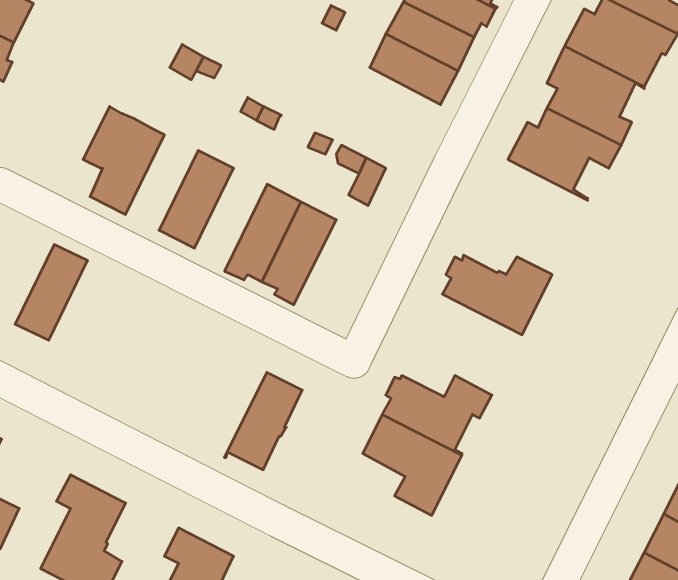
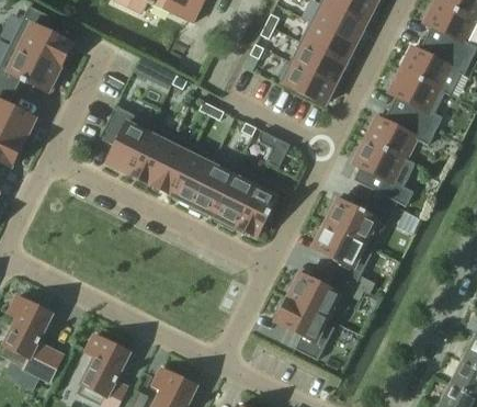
building: none -> [353,139,414,206]
building: none -> [171,145,216,208]
building: [15,245,88,340] -> [128,124,173,183]
building: none -> [313,223,374,285]
building: [224,372,302,470] -> [232,177,281,237]

